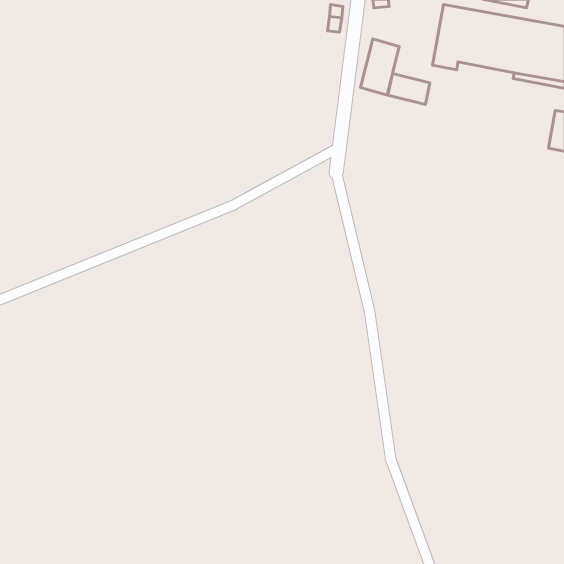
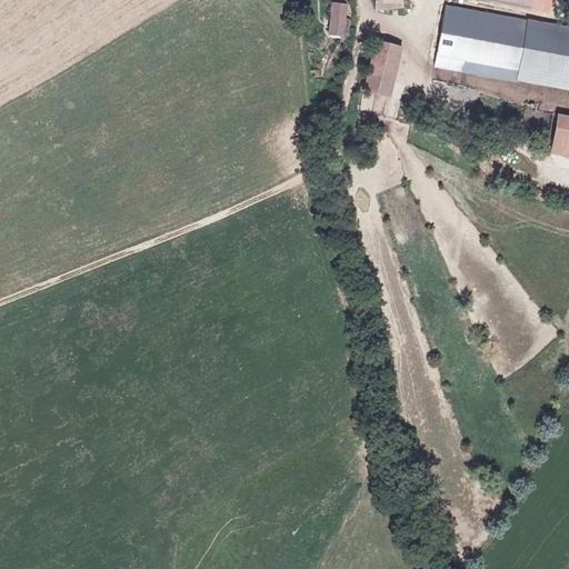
building: [388,74,430,105] -> none

